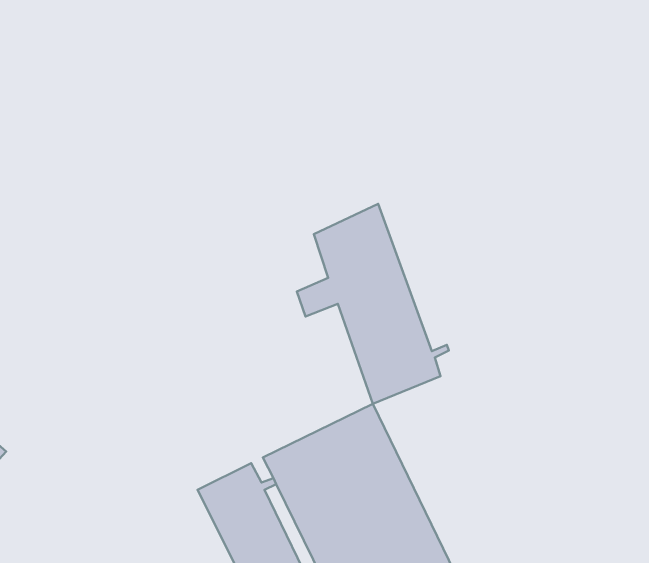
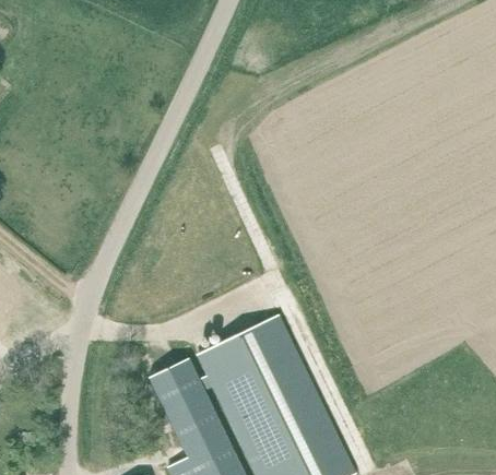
building: [297,204,449,404] -> none

